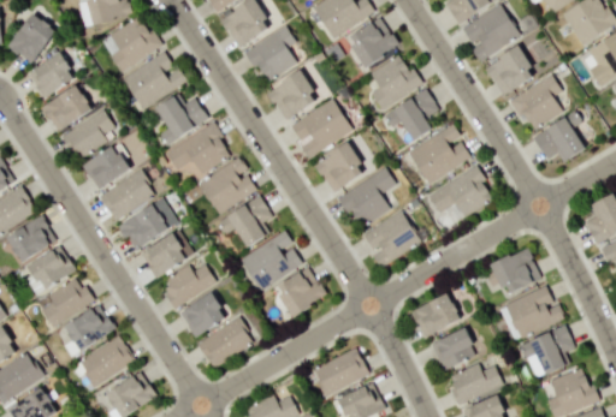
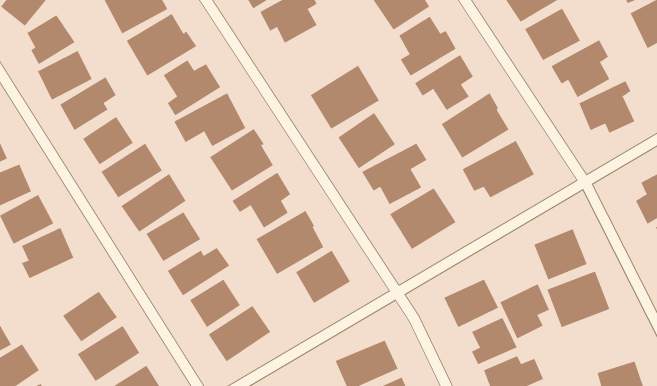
building: [266,71,318,120] -> none
building: [36,278,93,326] -> none
building: [529,324,575,375] -> [500,284,550,339]

